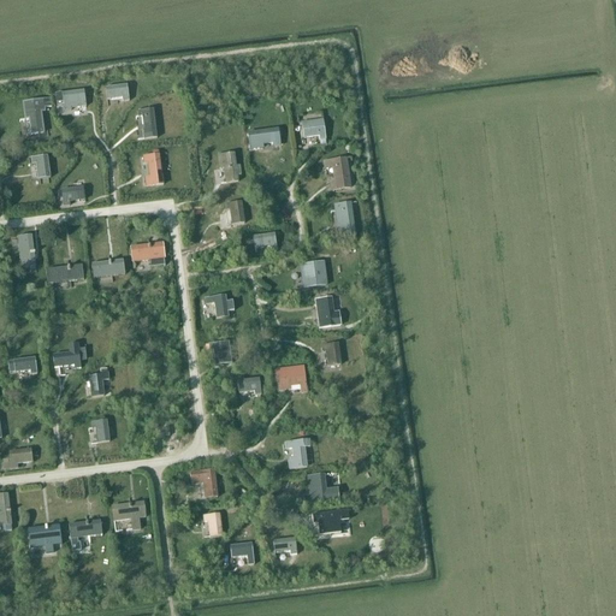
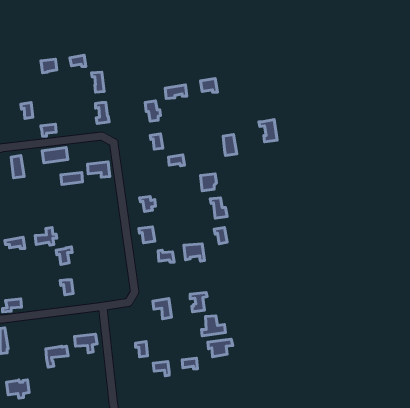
building: [24,97,52,132] -> none
building: [324,156,351,190] -> [259,119,277,142]
building: [46,263,84,286] -> [42,148,68,163]
building: [190,468,218,498] -> [153,299,171,319]
building: [28,525,61,552] -> [7,380,29,398]

